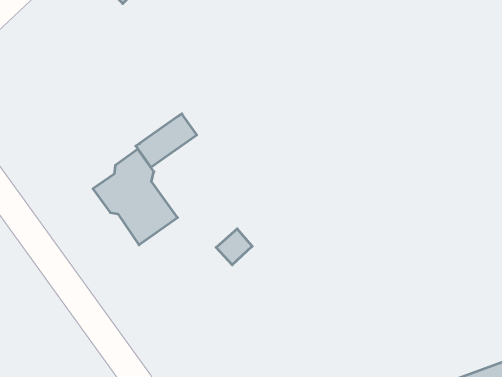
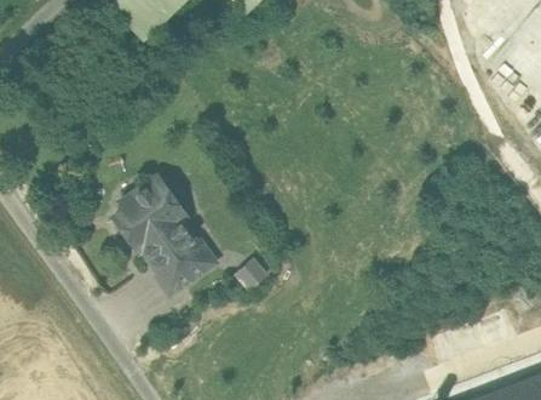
building: [136,114,197,167] -> [156,241,215,293]

